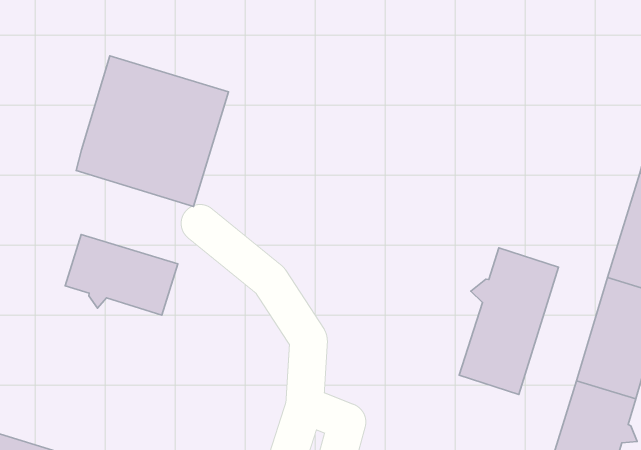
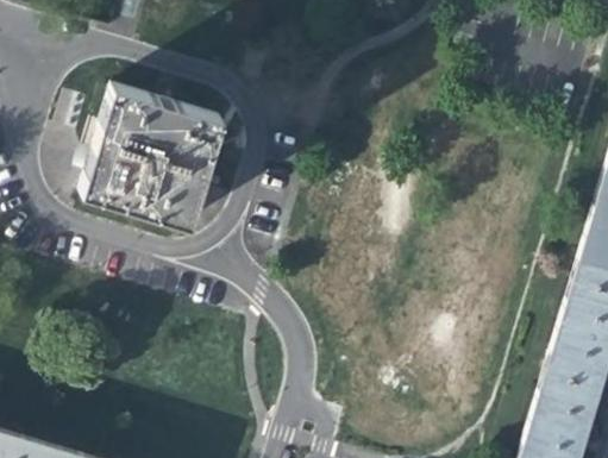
building: [65,234,178,315] -> none
building: [459,248,558,394] -> none

